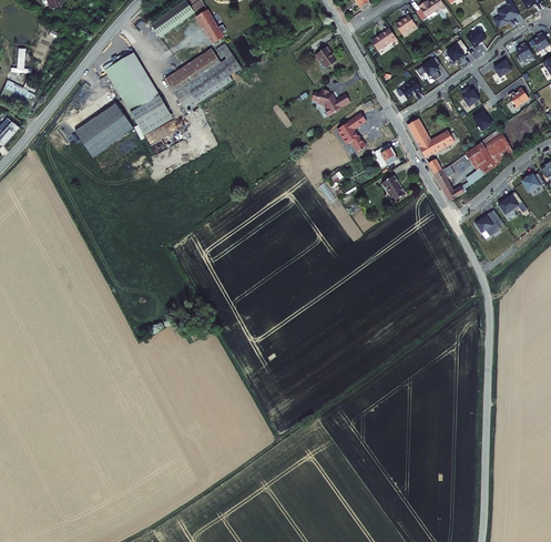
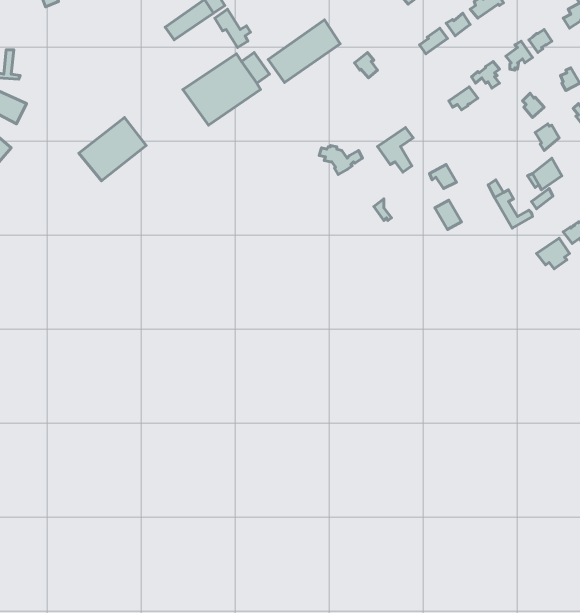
building: none -> [268,20,340,82]
building: [102,55,171,135] -> none
building: [310,90,348,115] -> [319,145,362,175]
building: [409,120,460,158] -> none

